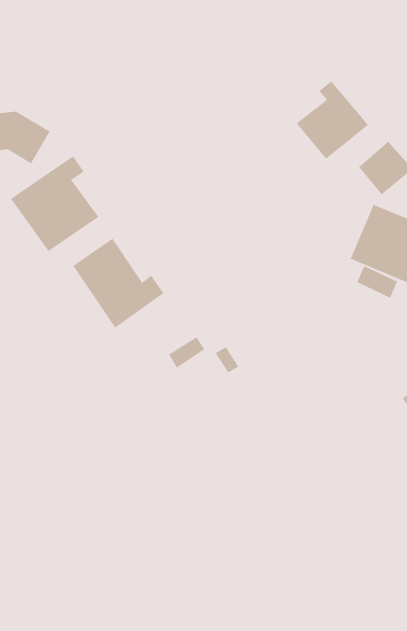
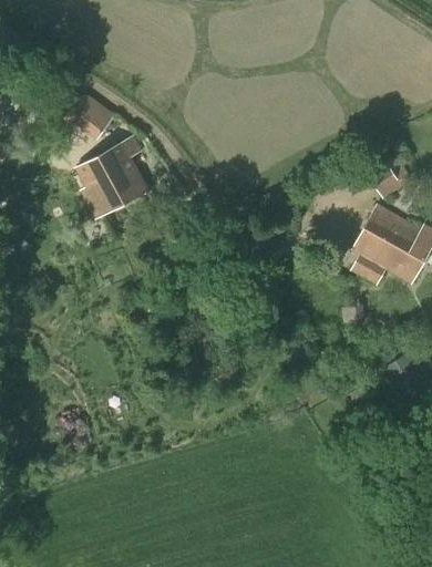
building: [296,80,369,159] -> none
building: [73,238,164,328] -> none

